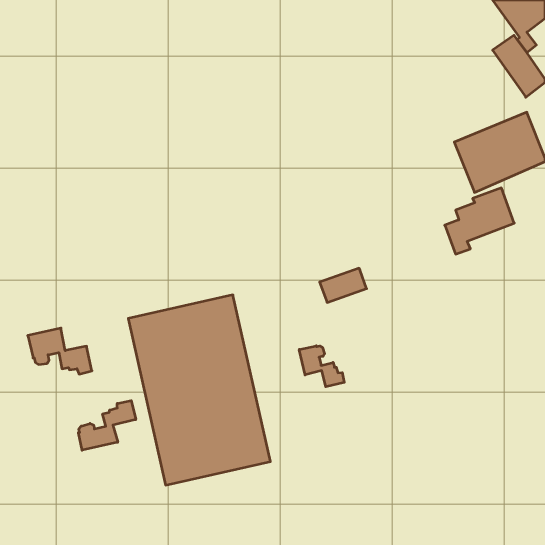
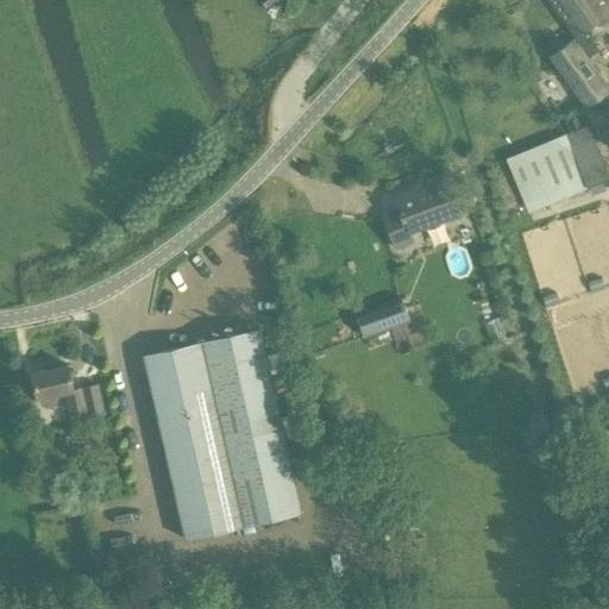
building: [445,188,514,254] -> [383,175,460,249]
building: [299,346,344,387] -> none
building: [78,401,136,450] -> none

